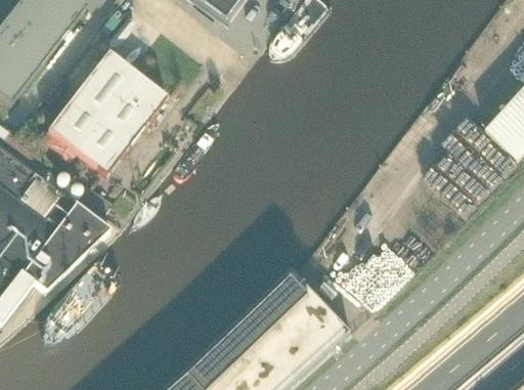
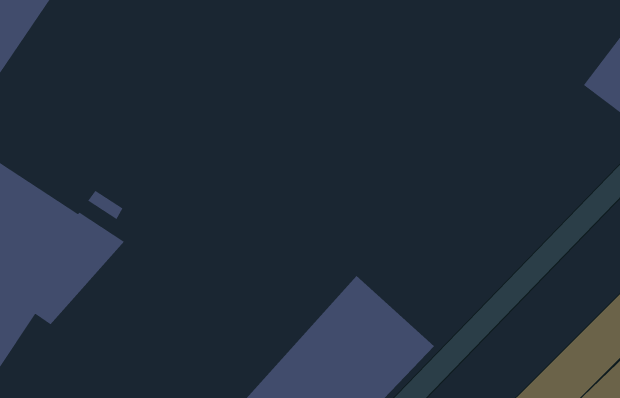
building: [49,50,167,173] -> none

